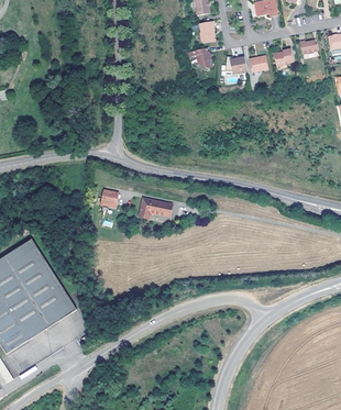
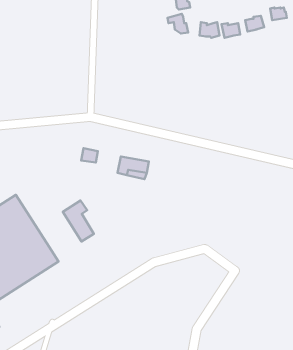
building: none -> [63,200,94,242]

